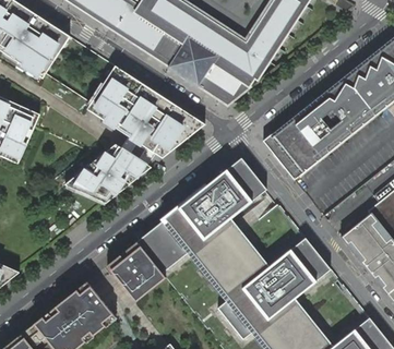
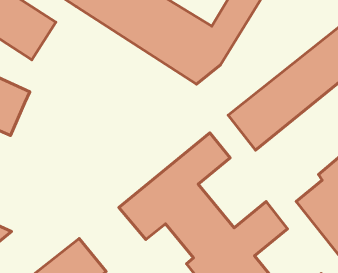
building: [88,65,205,157] -> none
building: [64,143,152,202] -> none
building: [106,243,171,308] -> none

